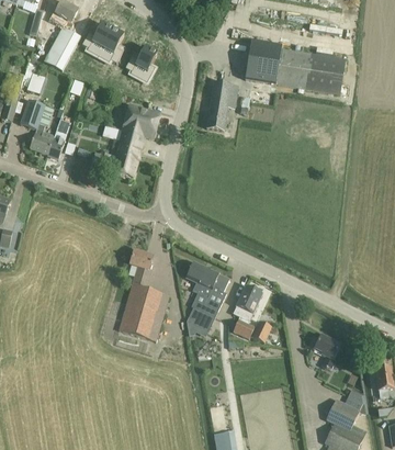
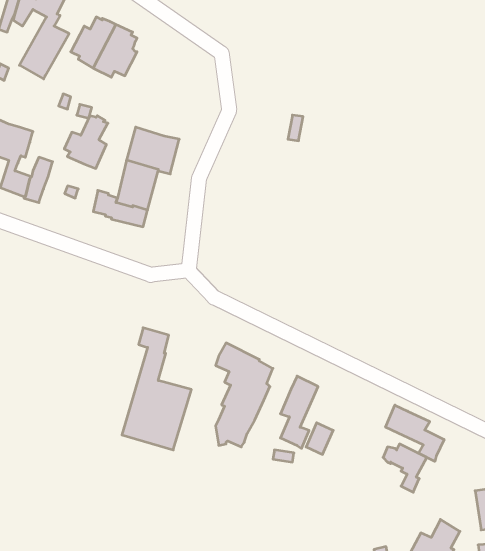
building: [246,43,346,94] -> none
building: [127,46,159,85] -> [64,116,108,168]
building: [206,81,238,131] -> none
building: none -> [386,405,444,461]

